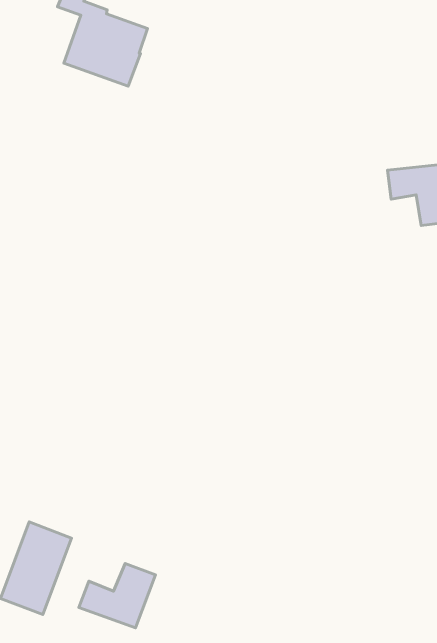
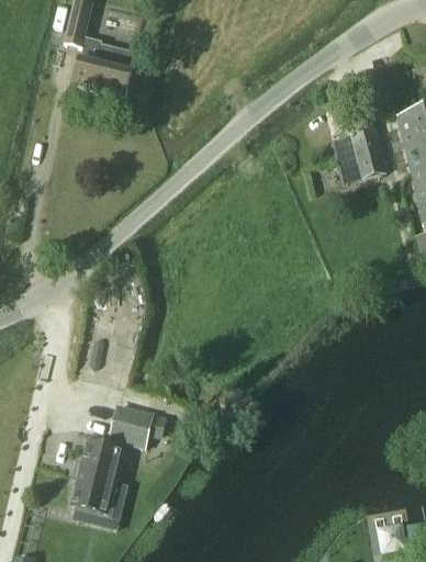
building: none -> [111,405,153,446]
building: [79,564,155,628] -> none

